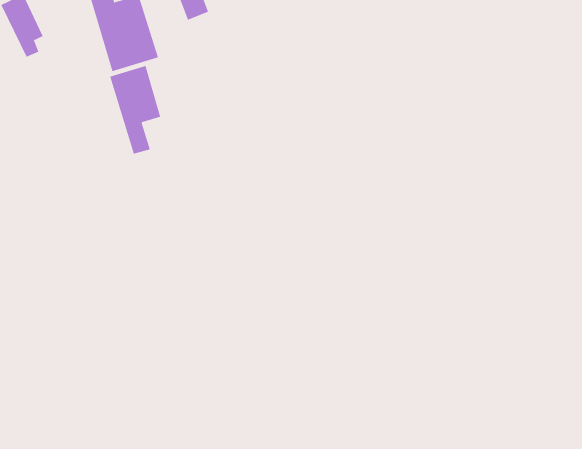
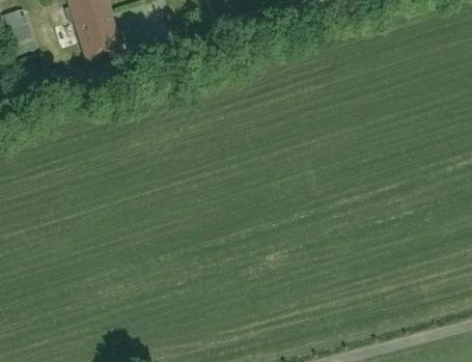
building: [110,65,161,154] -> none

